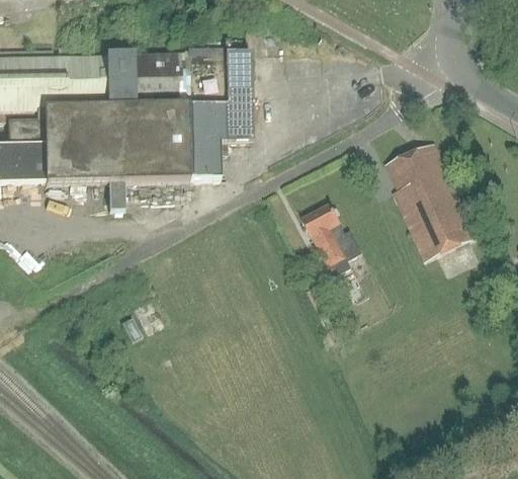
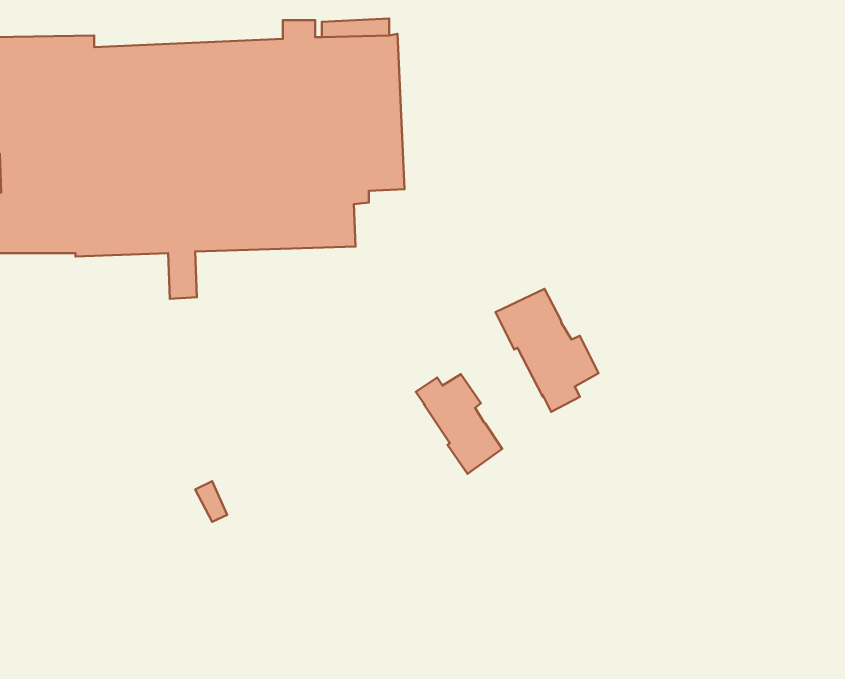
building: [386,141,477,260] -> none
building: none -> [416,374,502,474]

